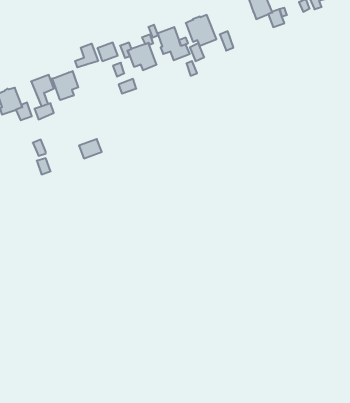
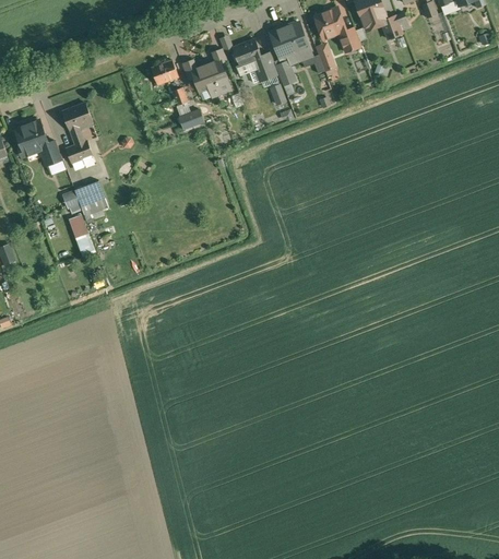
building: none -> [316,8,361,52]
building: [75,44,98,67] -> none
building: [52,71,78,100] -> none
building: [79,139,102,158] -> [74,180,105,206]

